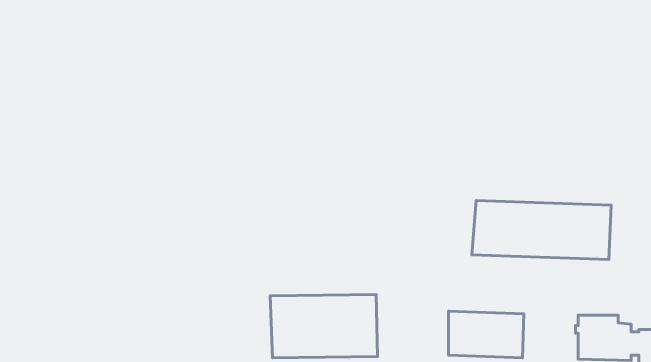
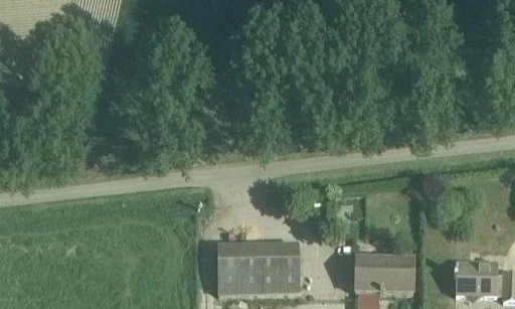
building: [472,200,611,259] -> none

